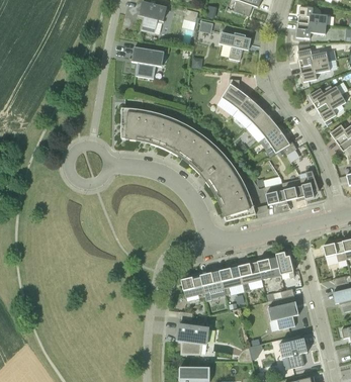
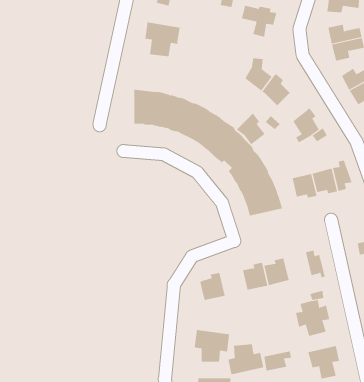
building: [251,107,277,136] -> [236,113,265,145]
building: [258,254,281,279] -> none
building: [200,268,224,293] -> none
building: none -> [228,344,264,375]

